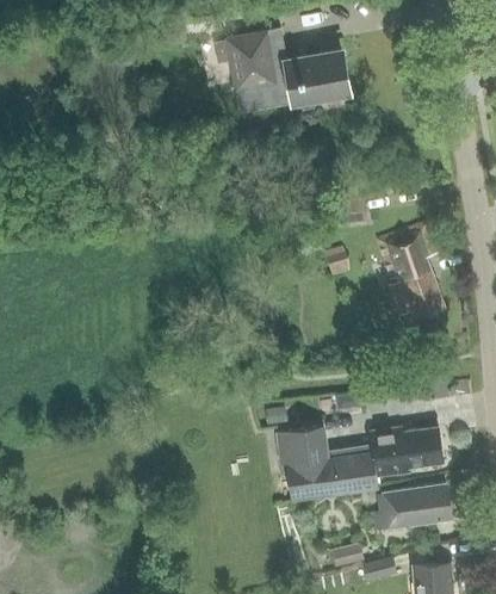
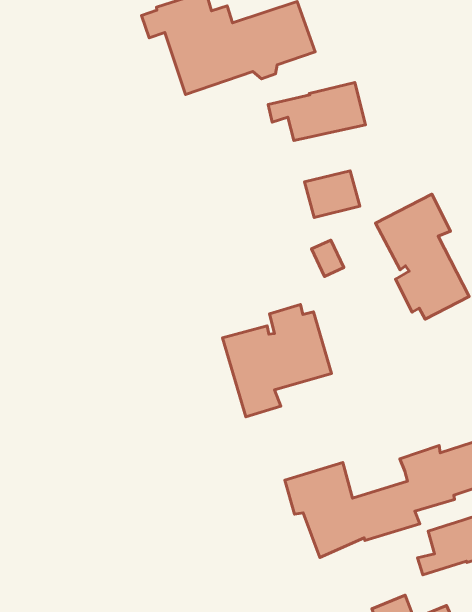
building: none -> [268,82,365,140]
building: none -> [223,305,332,417]

